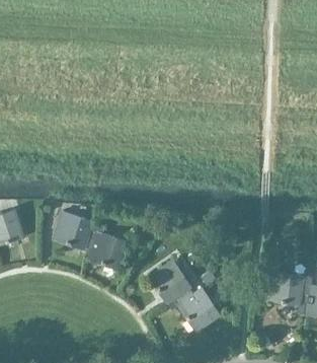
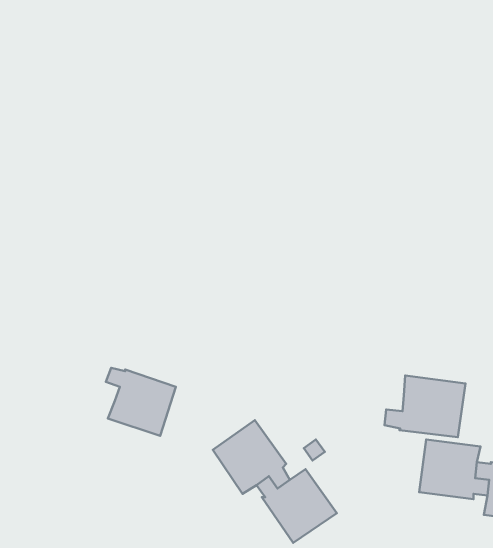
building: [54,211,95,249] -> none
building: none -> [385,376,465,437]

